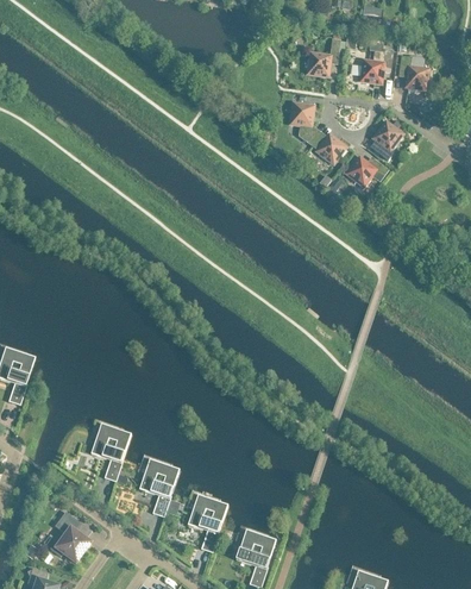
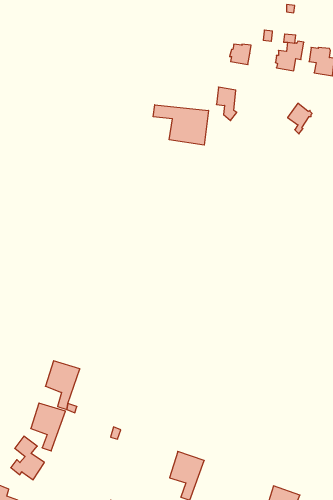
building: none -> [153,105,208,145]
building: [313,134,346,163] -> none
building: [347,157,389,186] -> none
building: [140,458,181,514] -> [31,403,65,451]
building: [188,493,228,550] -> none

